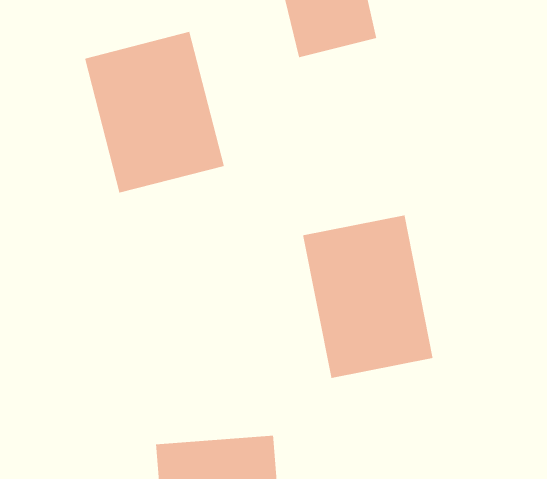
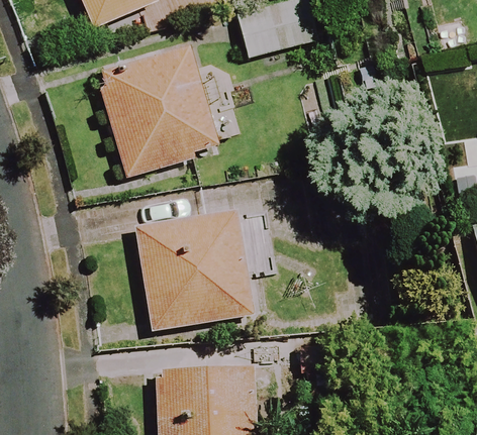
building: [302,215,434,379] -> none
building: none -> [136,211,246,325]

